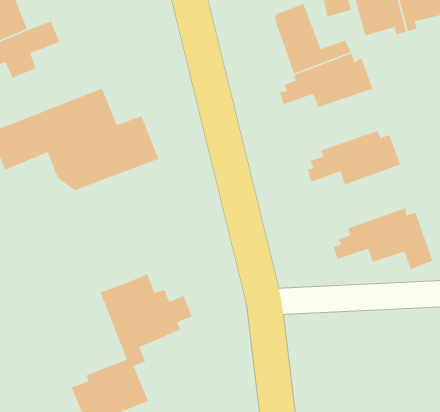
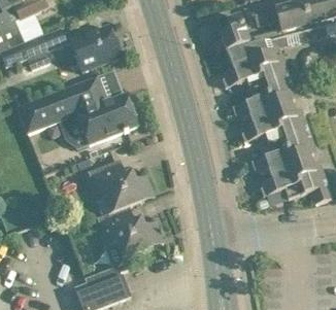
building: none -> [70,26,122,72]
building: none -> [232,75,297,118]
building: none -> [250,129,315,173]
building: none -> [85,158,152,212]

